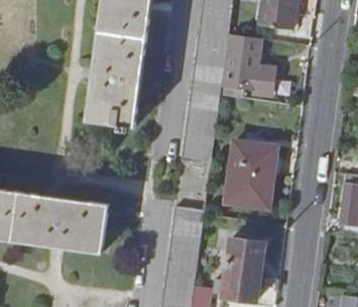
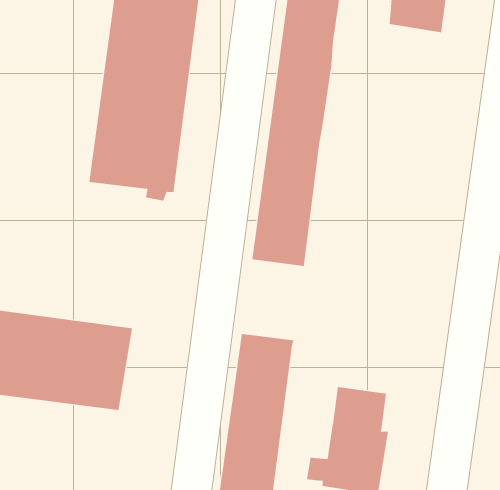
building: [222,49,275,95] -> none
building: [226,141,275,207] -> none

